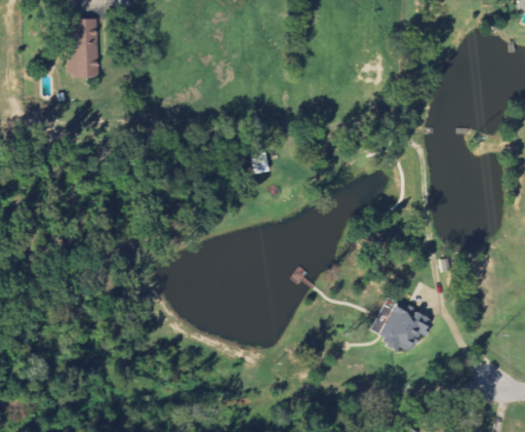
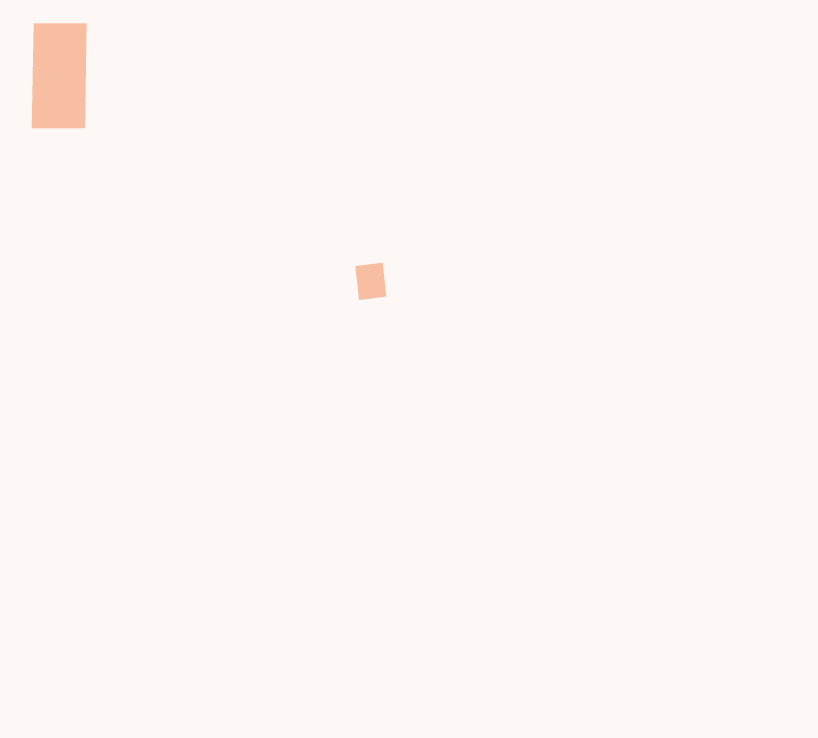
building: [381,304,426,352] -> none

